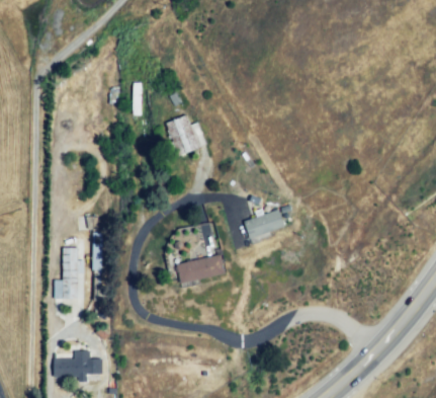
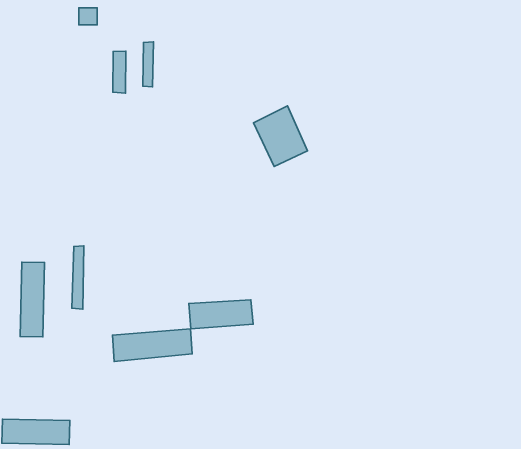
building: [165,109,205,154] -> [254,106,308,167]
building: [246,206,281,235] -> none
building: none -> [112,329,192,361]

